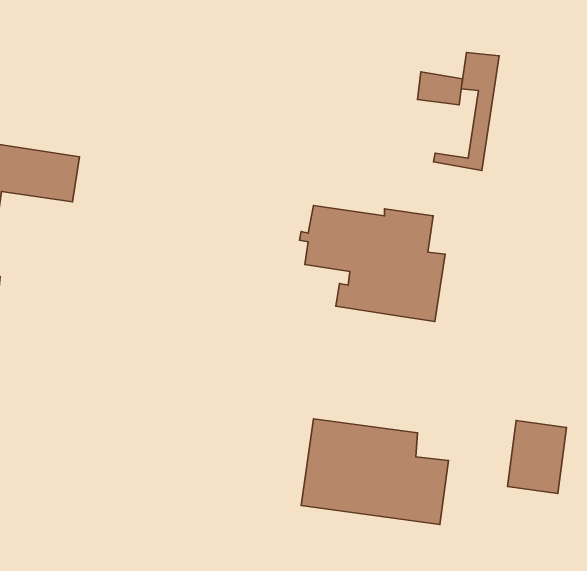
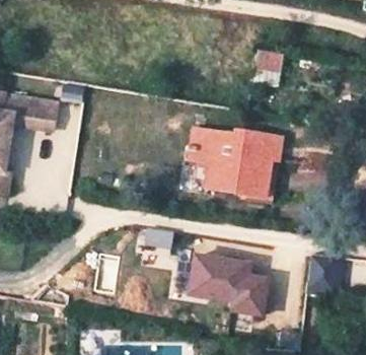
building: [433,52,499,170] -> [243,134,282,203]

